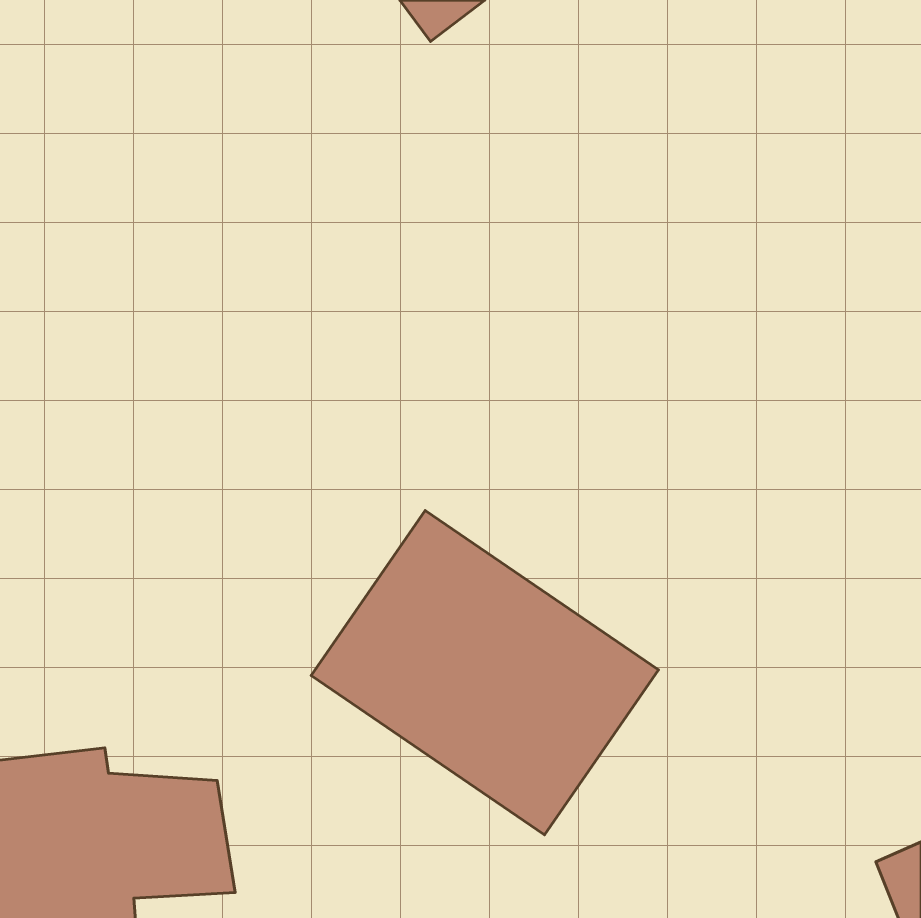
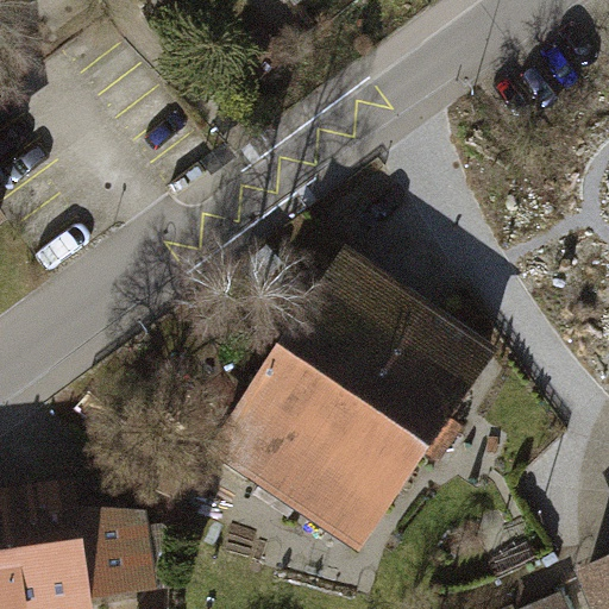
building: none -> [280,246,497,445]

